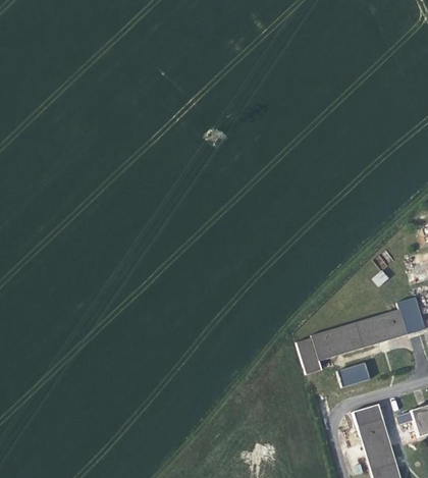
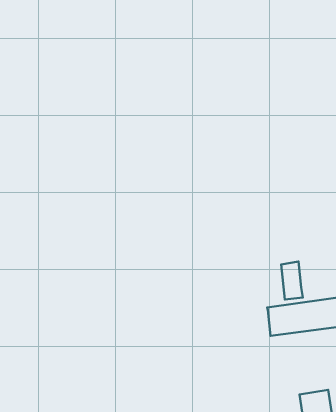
building: [297,336,321,373] -> [281,261,303,299]
building: [337,364,372,389] -> none

